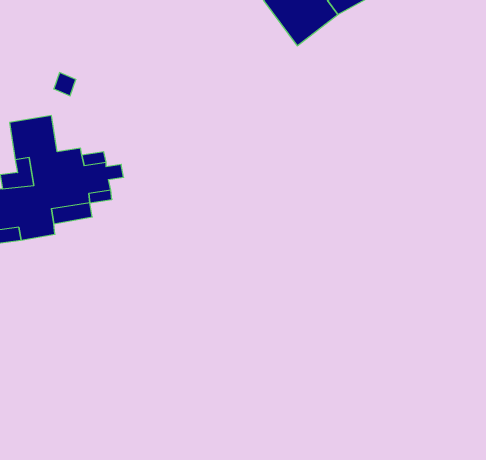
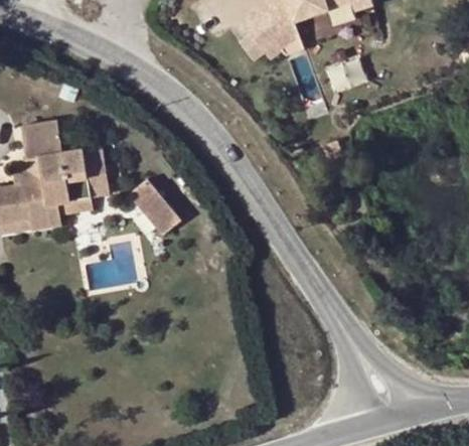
building: none -> [129,177,181,234]

